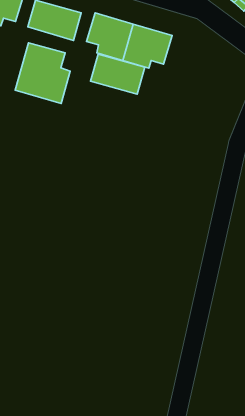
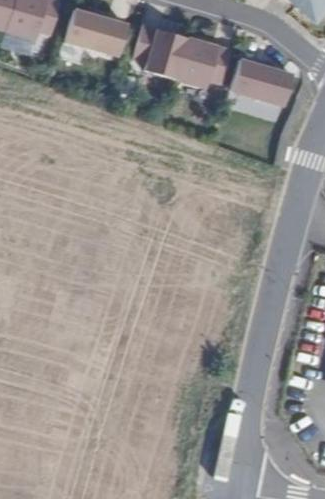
building: [15,43,70,104] -> none
building: [91,54,145,94] -> [230,59,293,105]

